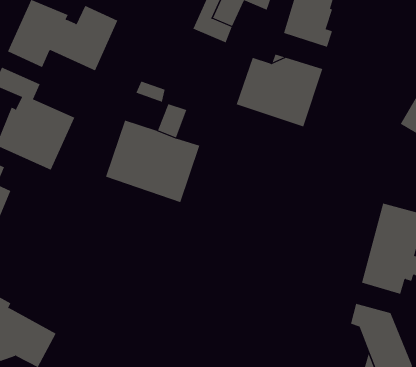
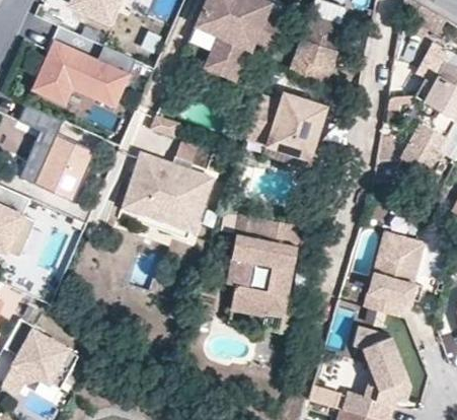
building: none -> [227,217,302,318]

